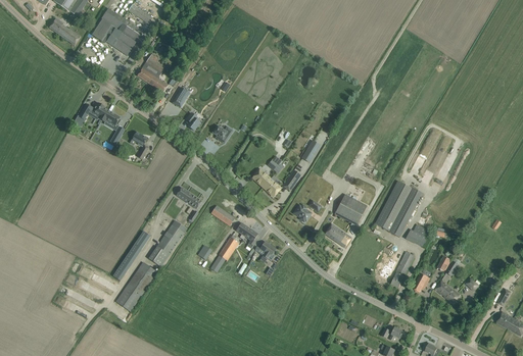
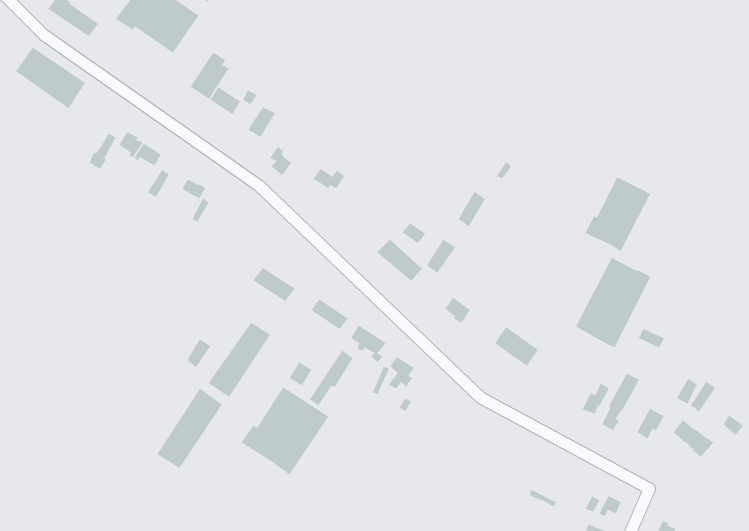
building: none -> [15,47,86,109]
building: none -> [584,177,651,252]
building: [334,194,367,225] -> none
building: none -> [240,386,329,476]

